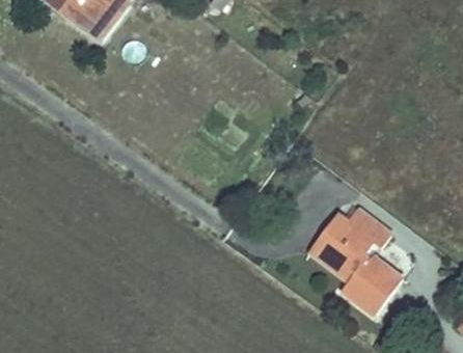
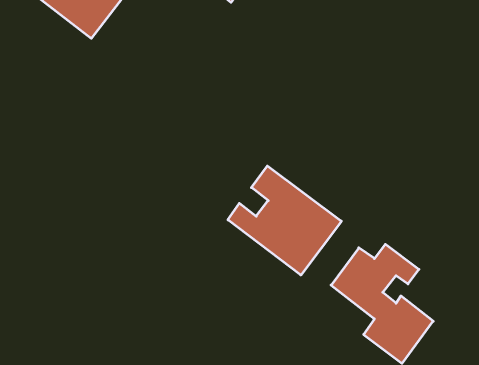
building: none -> [228,166,341,275]

